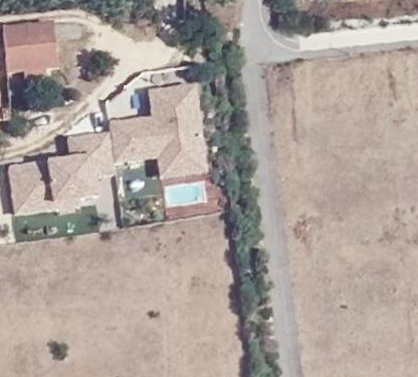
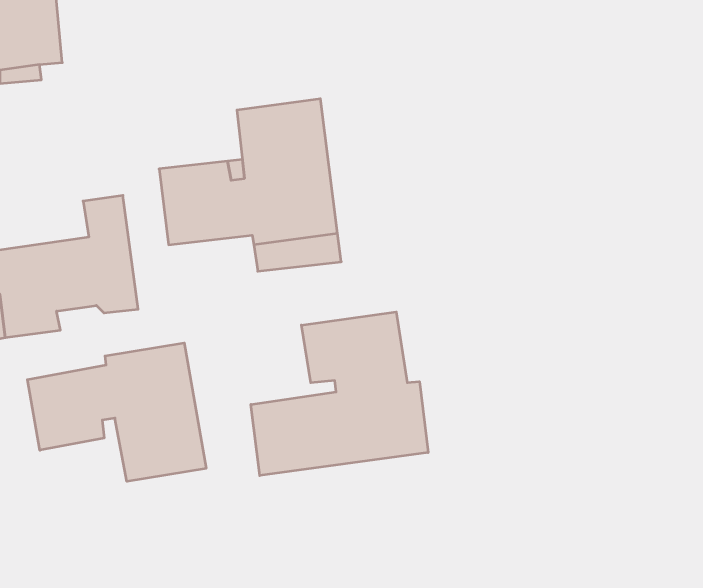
building: none -> [251,312,428,476]
building: none -> [27,343,206,481]

